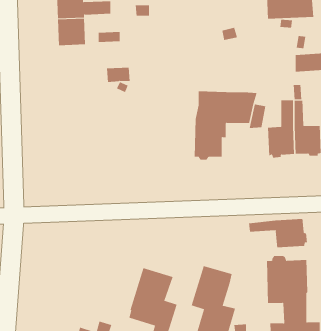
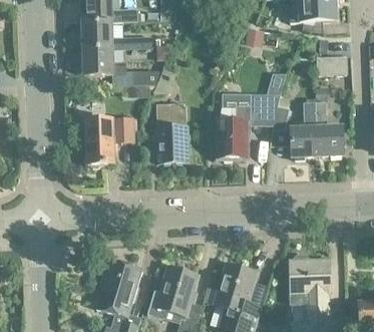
building: none -> [84,47,125,74]
building: none -> [156,102,189,160]
building: none -> [81,117,133,167]
building: [249,218,307,248] -> none
building: none -> [95,259,140,316]

